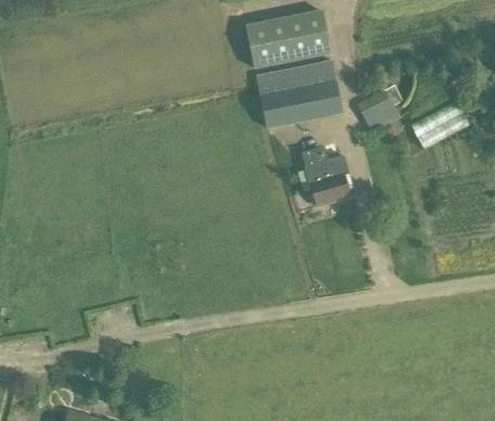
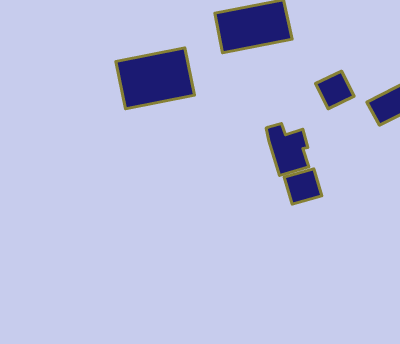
building: [255,59,342,127] -> [116,48,194,109]
building: none -> [284,169,322,204]

